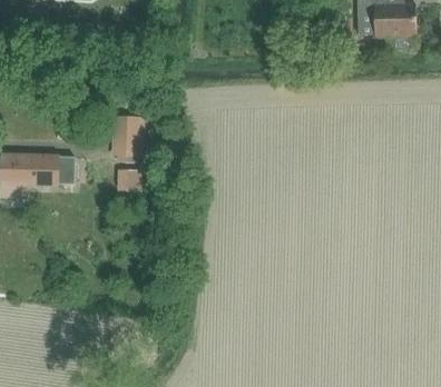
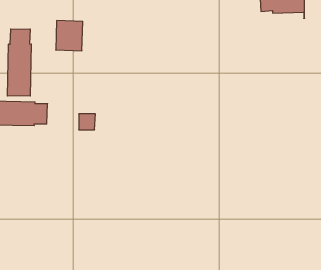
building: none -> [8,29,31,96]
building: [110,115,146,155] -> [56,21,83,51]

